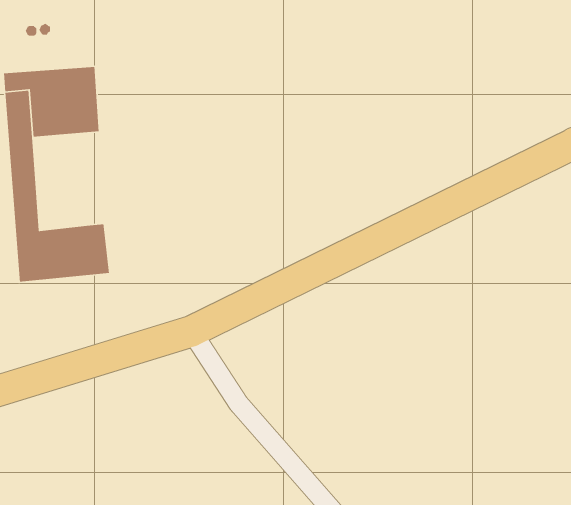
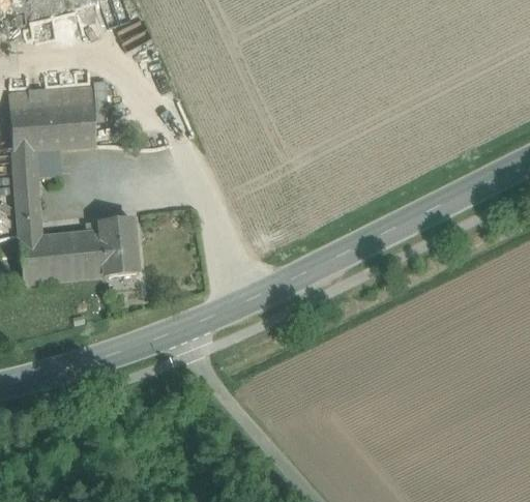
building: none -> [35,148,61,175]
building: none -> [86,216,138,275]

